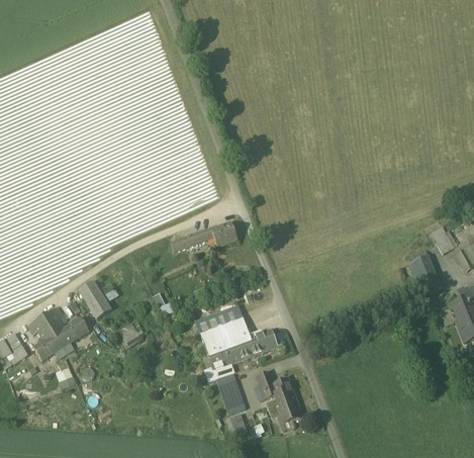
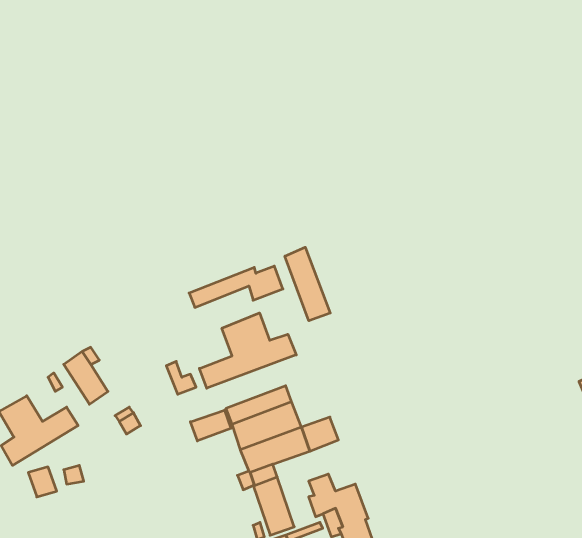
building: none -> [285,247,330,321]
building: none -> [199,313,296,388]
building: [407,256,440,295] -> none
building: none -> [190,410,231,441]

